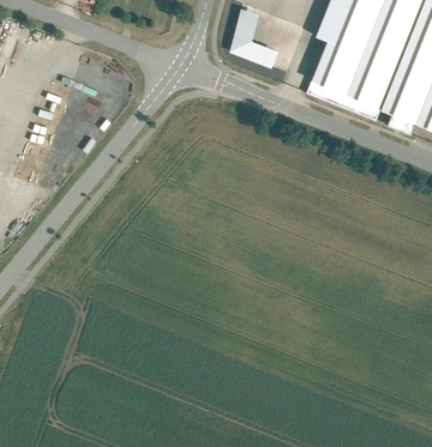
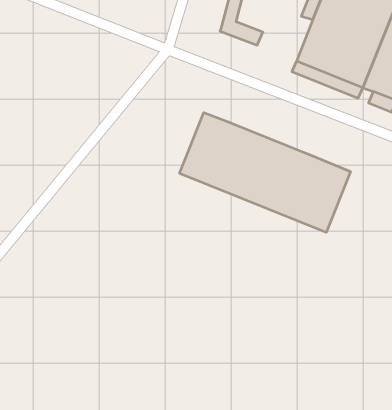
building: none -> [180,113,350,232]

